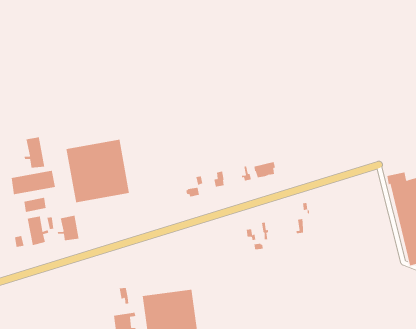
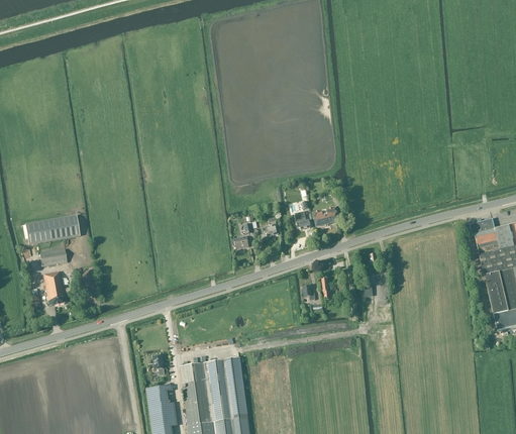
building: [24,136,45,169] -> none
building: [66,139,129,203] -> none
building: [57,215,79,241] -> none

